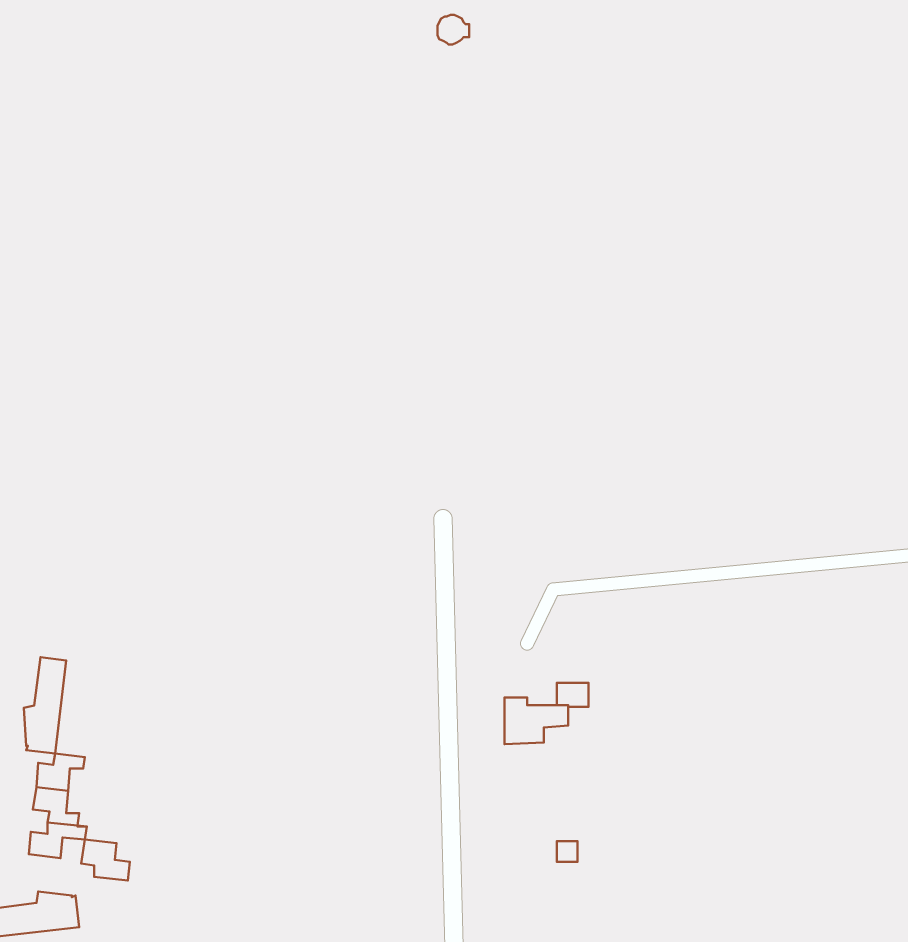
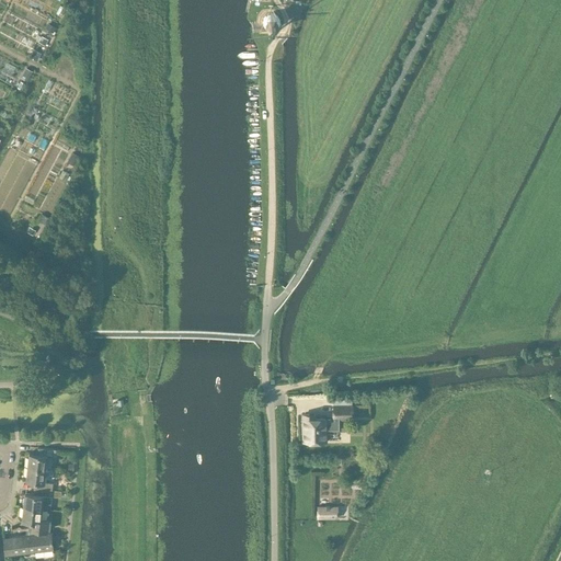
building: [24,657,66,754] -> none
building: [81,839,130,880] -> [21,507,49,531]

